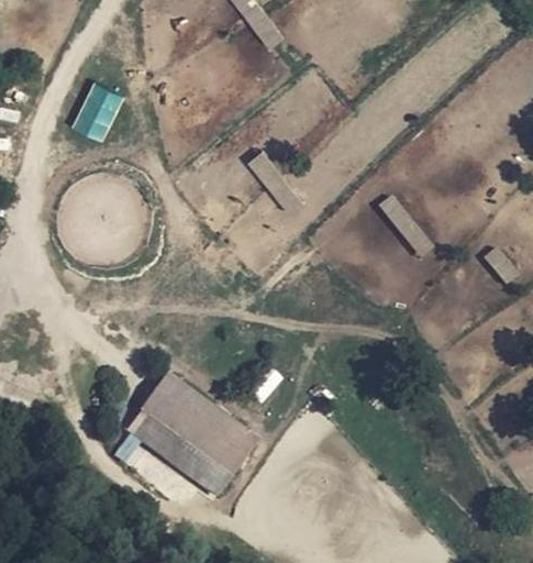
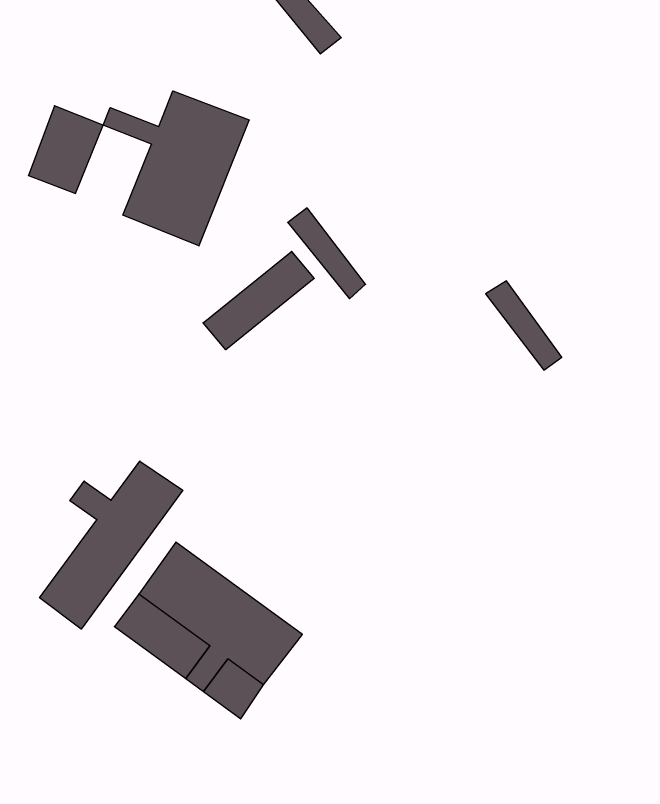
building: none -> [103,91,249,246]
building: none -> [203,251,314,350]
building: none -> [40,461,183,629]

